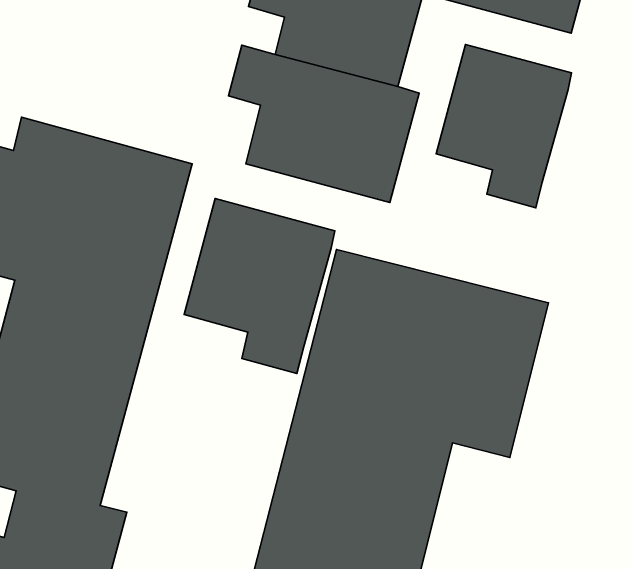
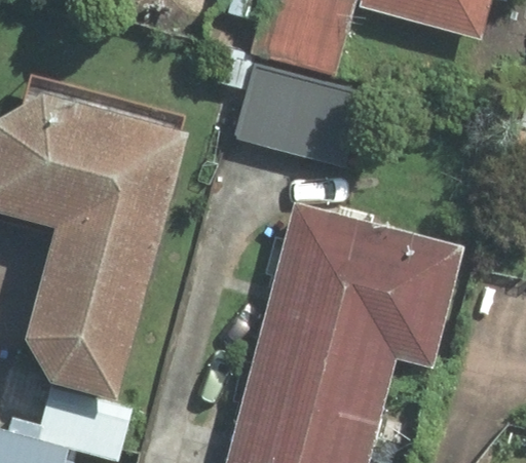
building: [436,44,572,208] -> none
building: [184,199,335,373] -> none

